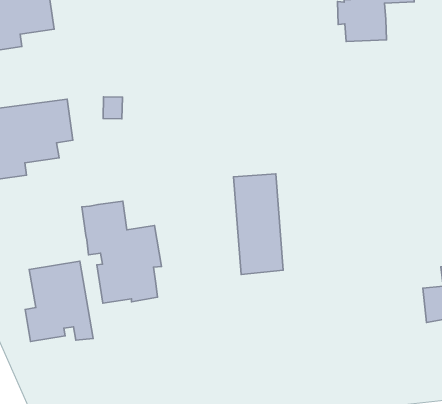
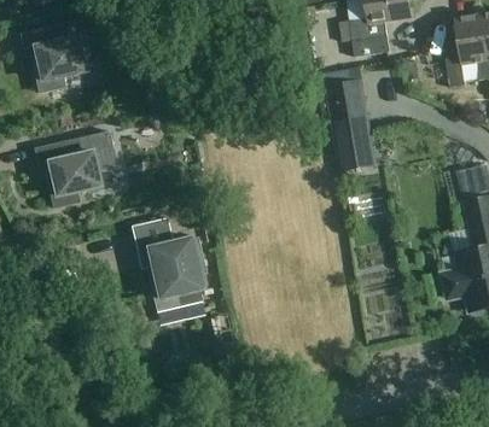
building: [234,174,283,275] -> [326,78,378,171]
building: [25,261,93,342] -> none

